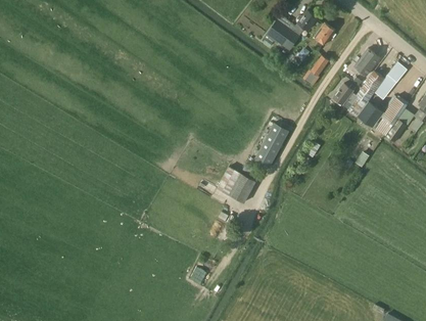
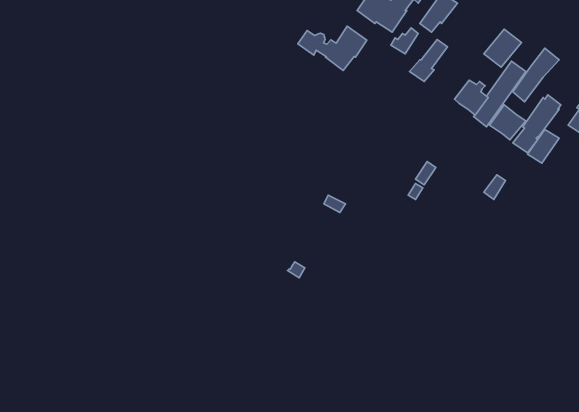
building: none -> [298,26,367,71]
building: [254,123,288,167] -> none
building: [216,166,255,202] -> none

